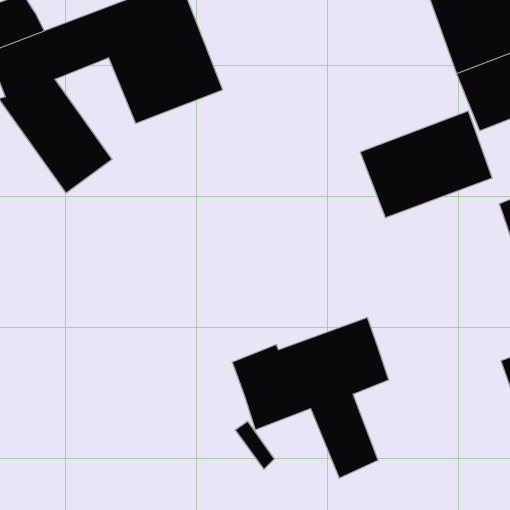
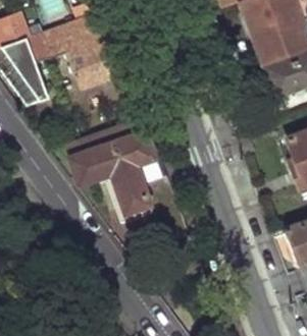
building: [360,111,492,218] -> none
building: [232,318,389,478] -> [65,122,155,214]

